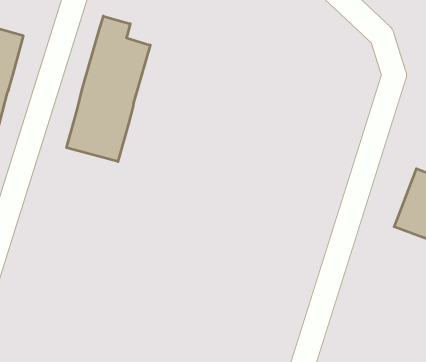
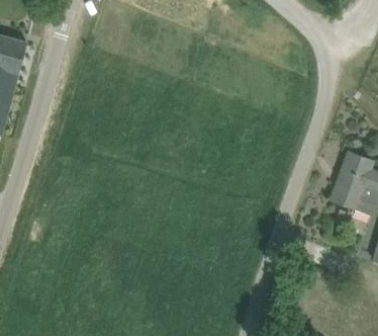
building: [67,16,150,162] -> none

